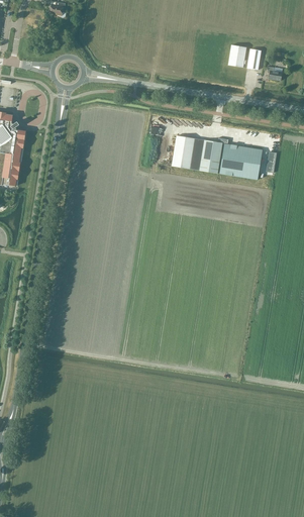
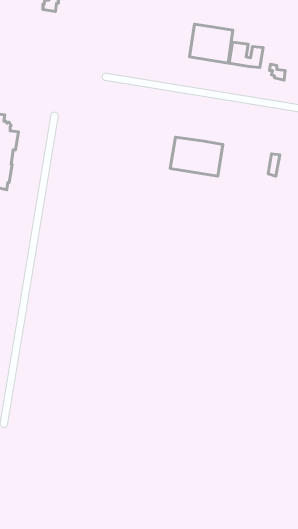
building: none -> [190,24,233,63]
building: [219,143,262,180] -> none

